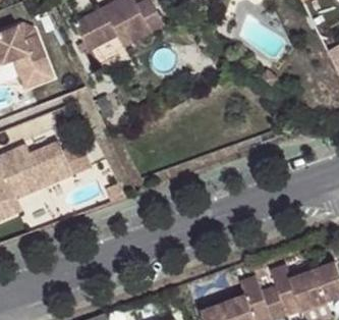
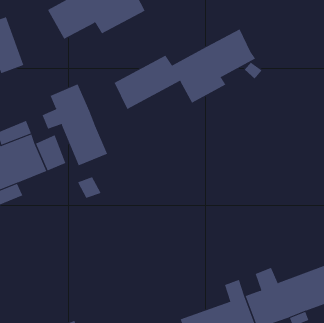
building: none -> [114,29,256,110]
building: none -> [42,84,108,166]

